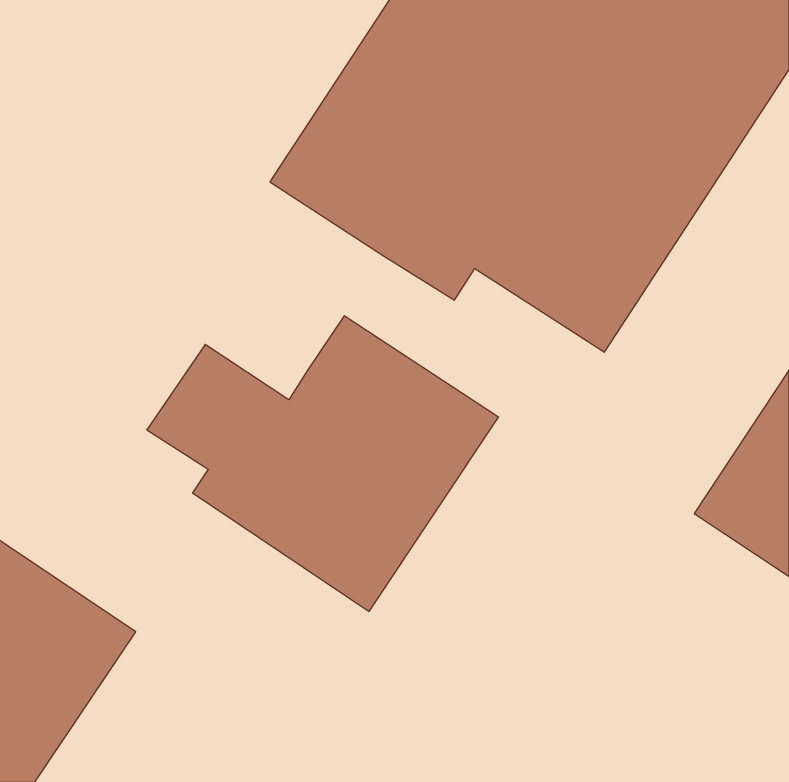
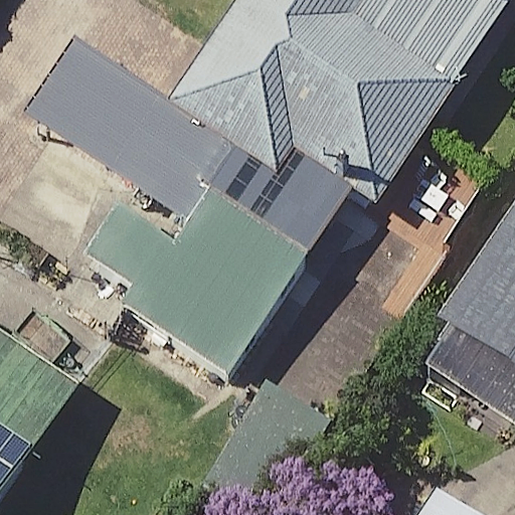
building: none -> [26,42,244,235]

